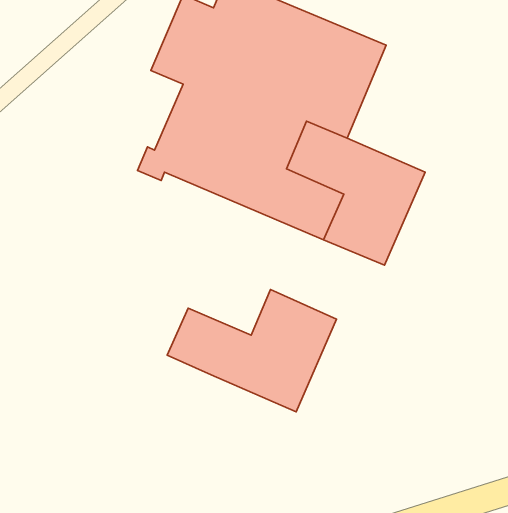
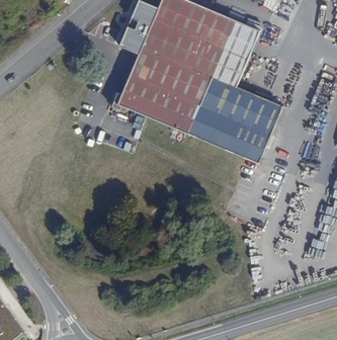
building: [167,289,336,412] -> none

